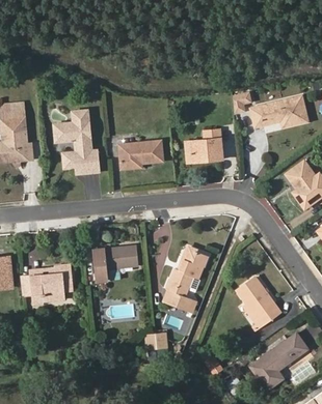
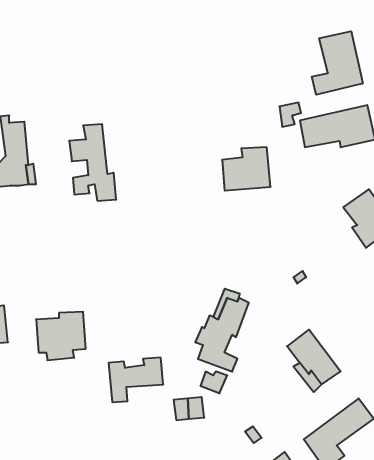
building: none -> [312,31,363,95]
building: [116,140,164,171] -> none
building: [95,244,139,281] -> [109,358,163,402]

